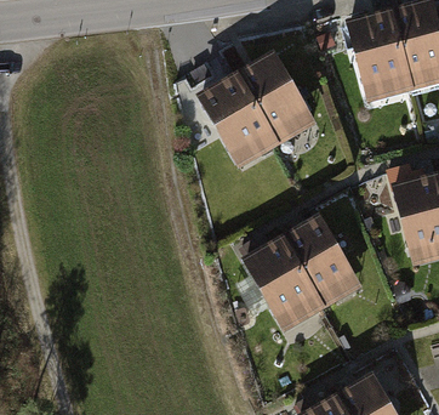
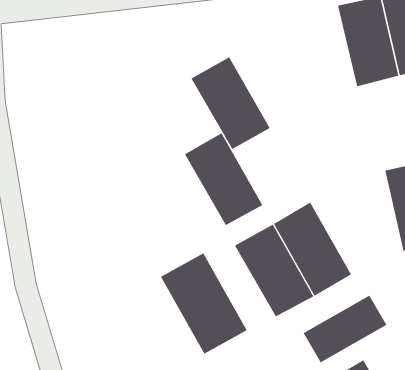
building: [238,49,317,142] -> [184,132,263,226]
building: none -> [160,252,248,354]
building: none -> [303,295,387,363]

